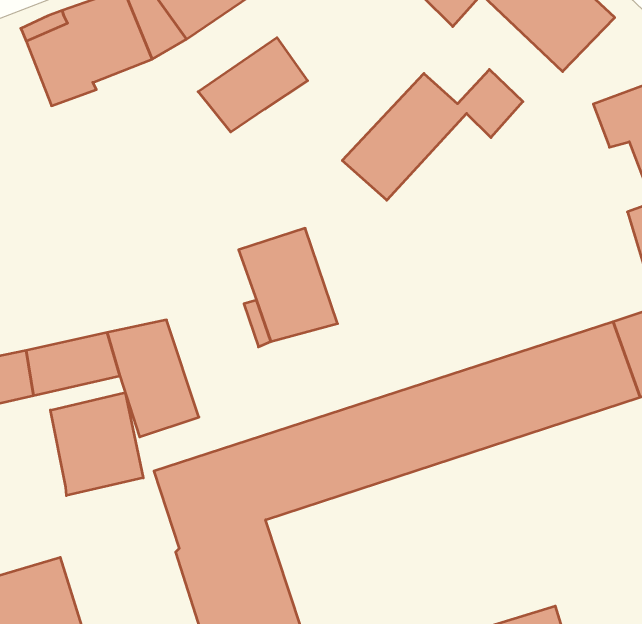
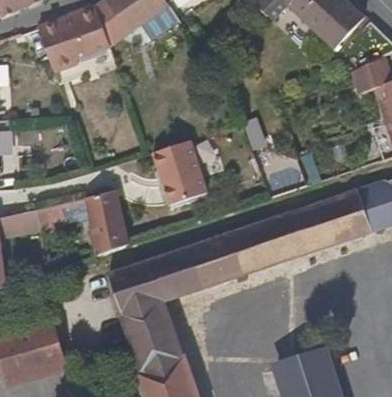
building: [198,38,308,132] -> none
building: [342,69,523,200] -> none
building: [50,392,143,496] -> none

